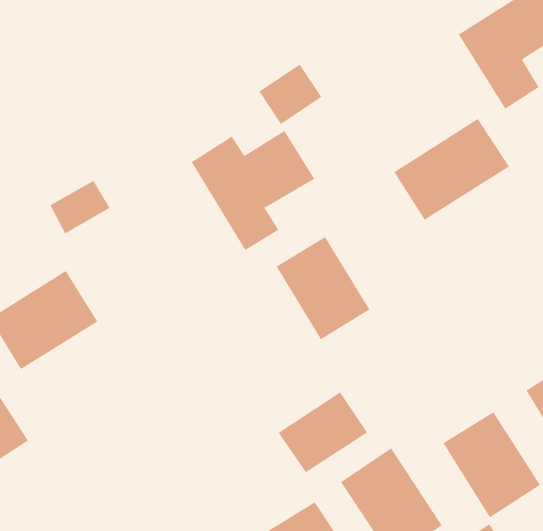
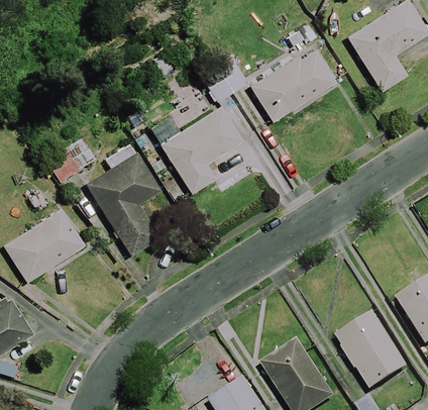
building: [394,118,510,221] -> [249,47,334,122]
building: none -> [87,142,159,254]
building: [276,236,370,340] -> none
building: [278,391,368,473] -> none

